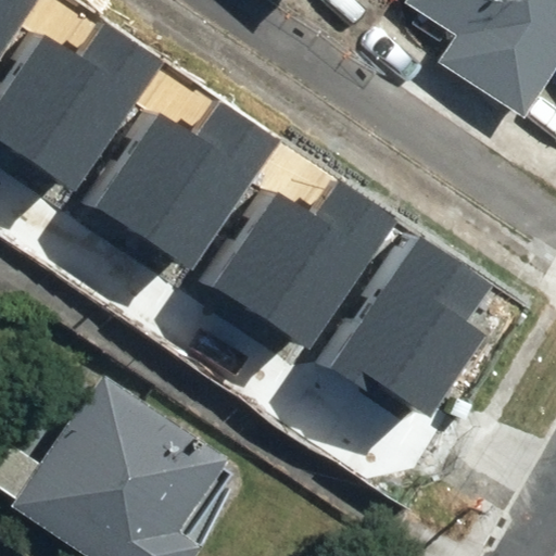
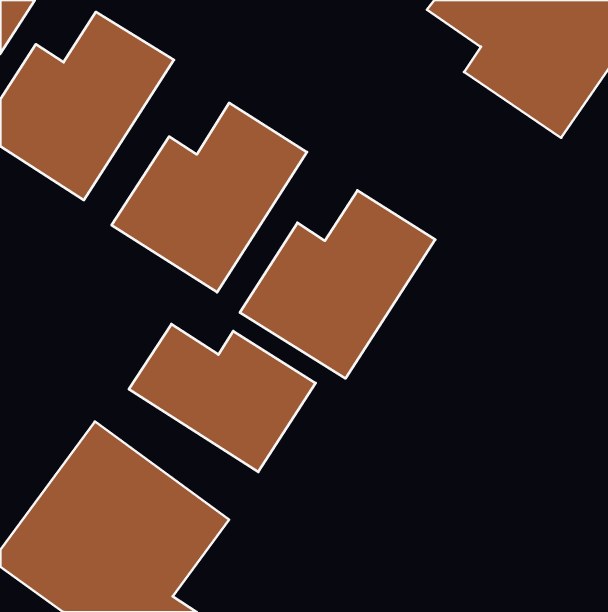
building: [334,240,491,416] -> none
building: none -> [129,324,316,472]

